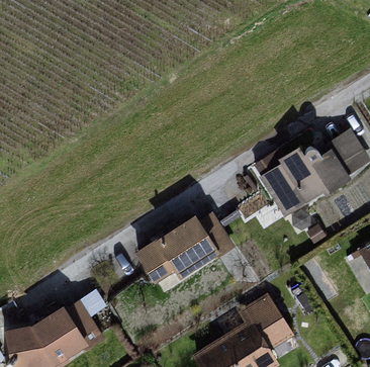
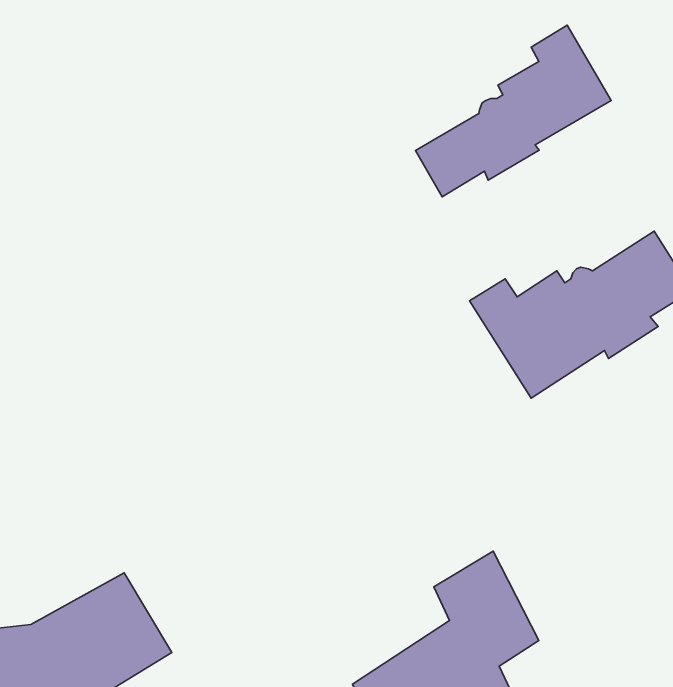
building: none -> [415,25,611,197]
building: [135,213,235,282] -> none

